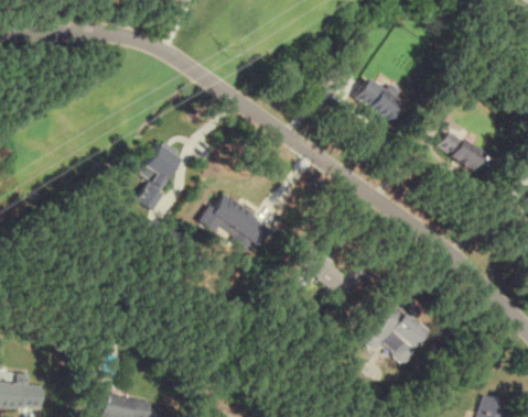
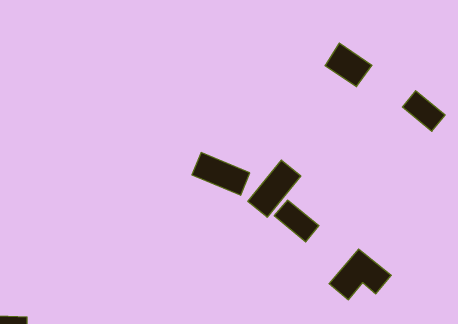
building: [138,144,182,212] -> none
building: none -> [248,160,301,217]

